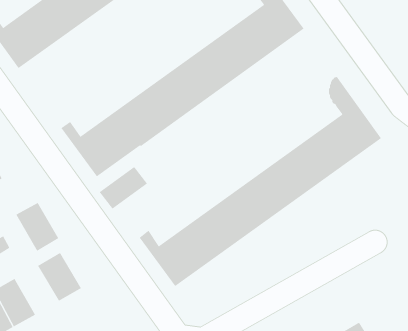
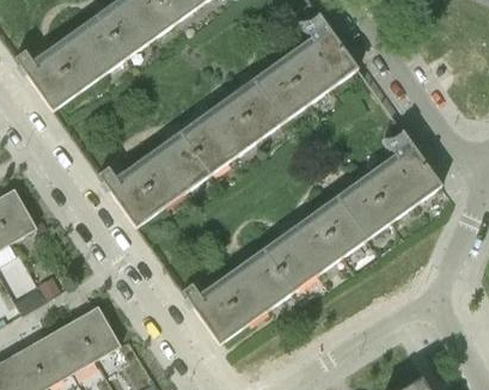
building: [99,166,148,209] -> none
building: [16,202,59,251] -> [48,319,94,372]

